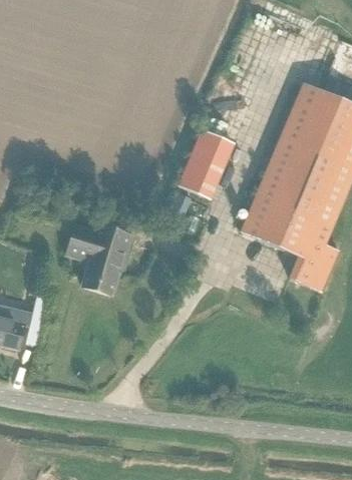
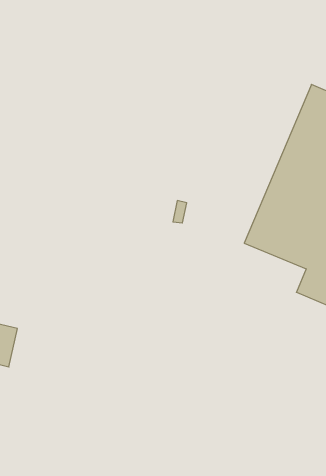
building: [179,128,234,198] -> none
building: [67,224,133,295] -> none

